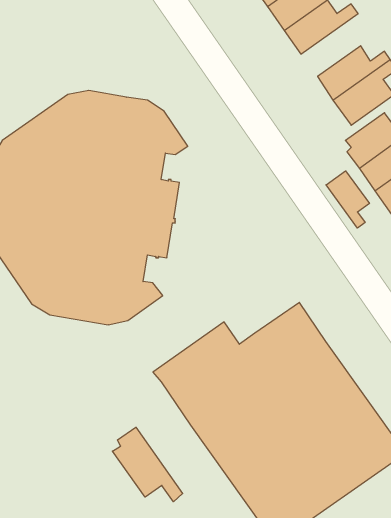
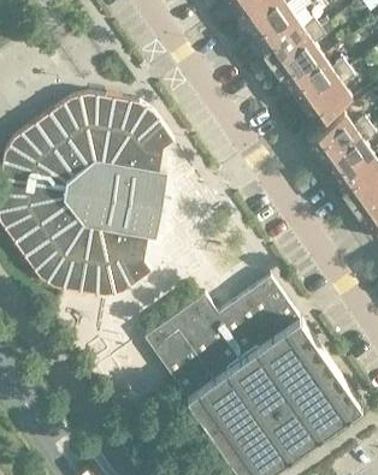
building: none -> [273,29,327,83]
building: [326,171,369,228] -> none
building: [112,427,183,502] -> none

